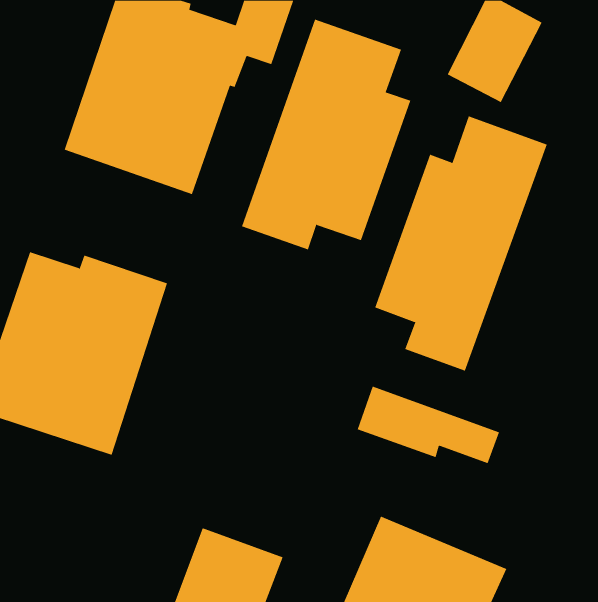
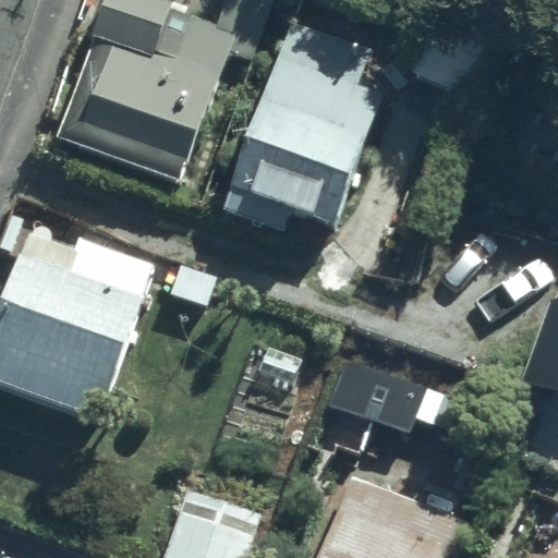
building: [374,116,548,372] -> none

